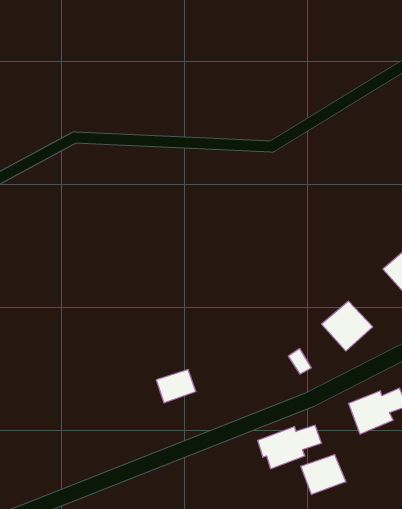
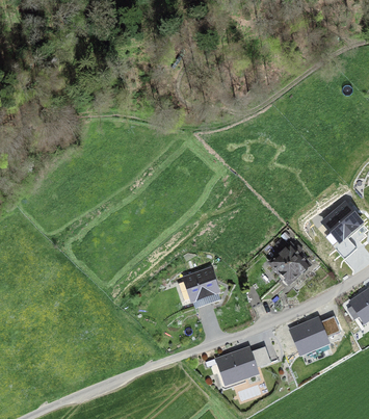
building: [156,370,196,403] -> [185,270,217,297]
building: [301,454,346,495] -> none

